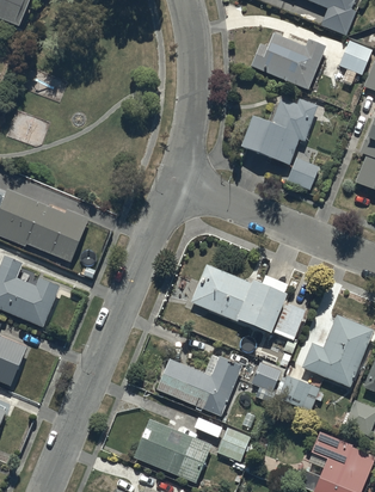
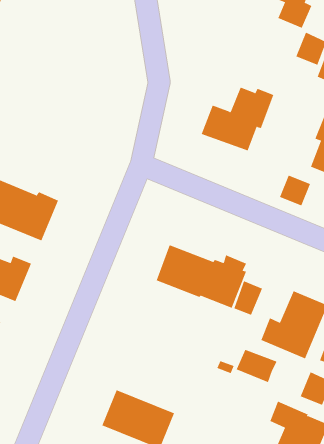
building: [250,33,325,91] -> none
building: [285,158,319,191] -> [279,175,311,206]
building: [158,353,244,417] -> none
building: [252,362,282,392] -> none
building: [217,428,251,462] -> none

